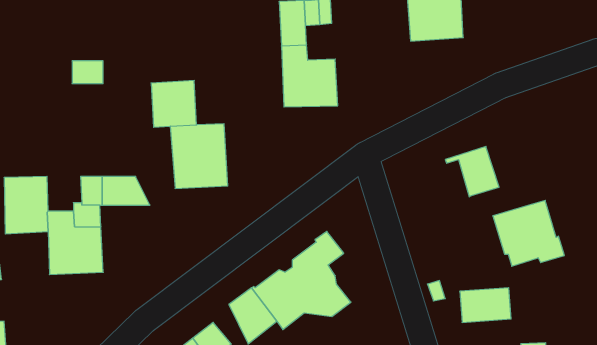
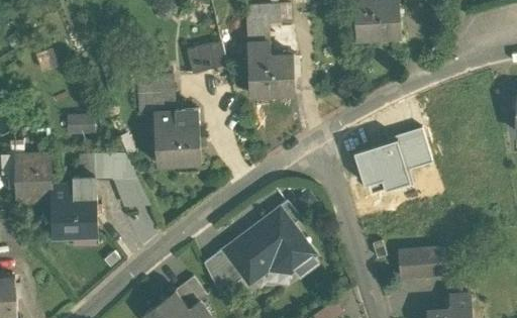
building: none -> [186,41,226,74]
building: [72,61,103,84] -> [67,115,93,134]
building: [493,200,564,266] -> [352,140,413,196]

